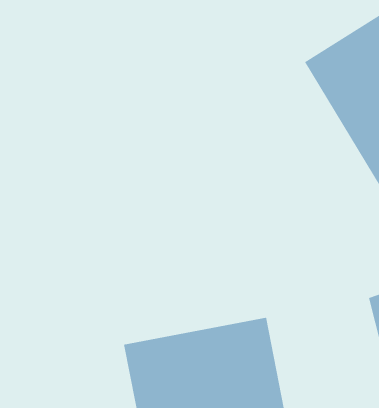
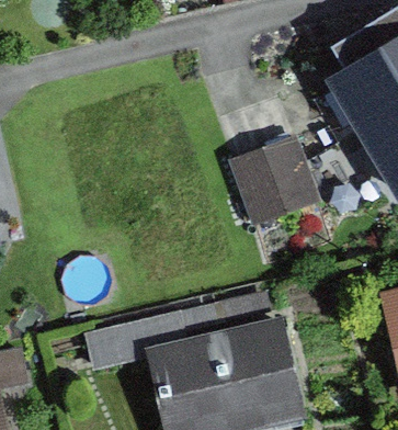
building: none -> [238,143,319,223]

